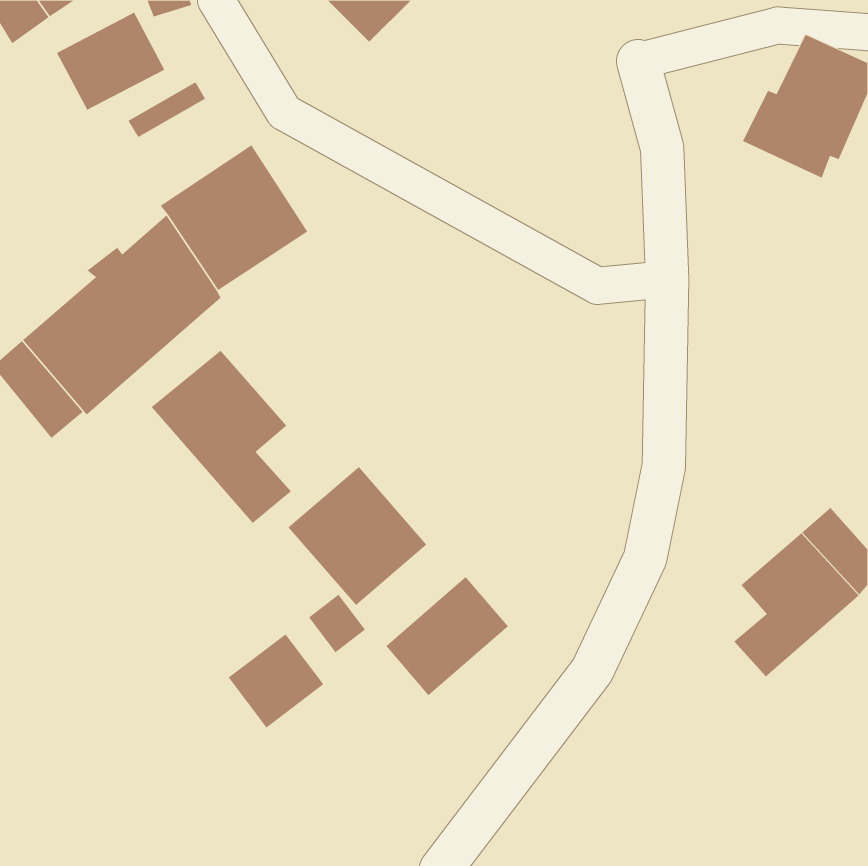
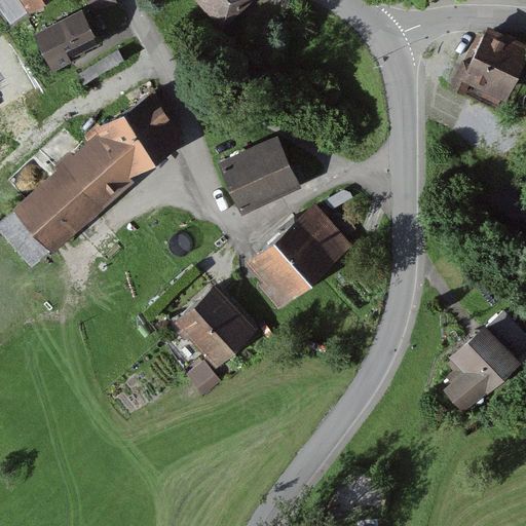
building: none -> [218,135,301,214]
building: none -> [246,201,353,309]
building: [151,350,292,524] -> none
building: [385,576,509,696] -> none
building: [228,633,324,729] -> none

